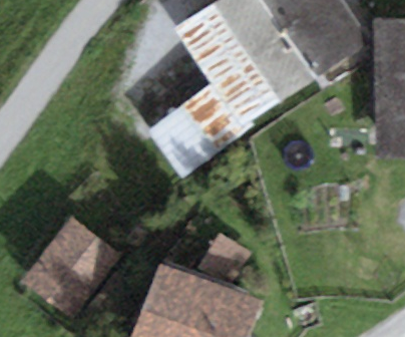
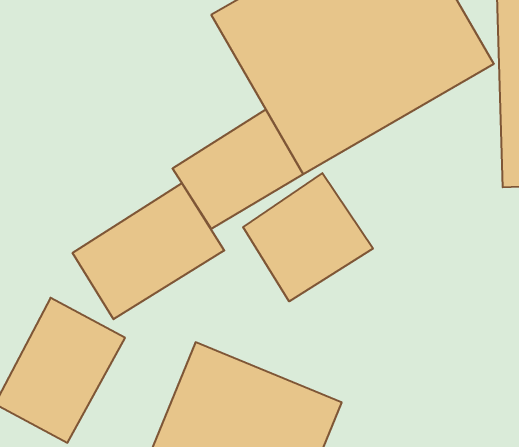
building: none -> [243,173,373,301]
building: none -> [73,183,224,319]

